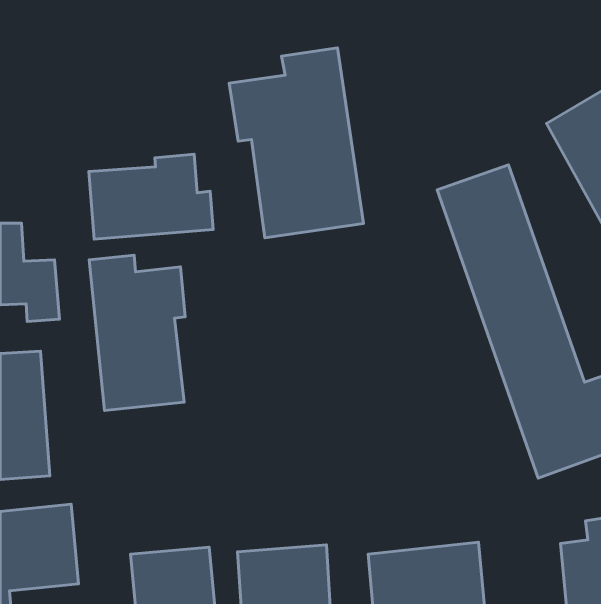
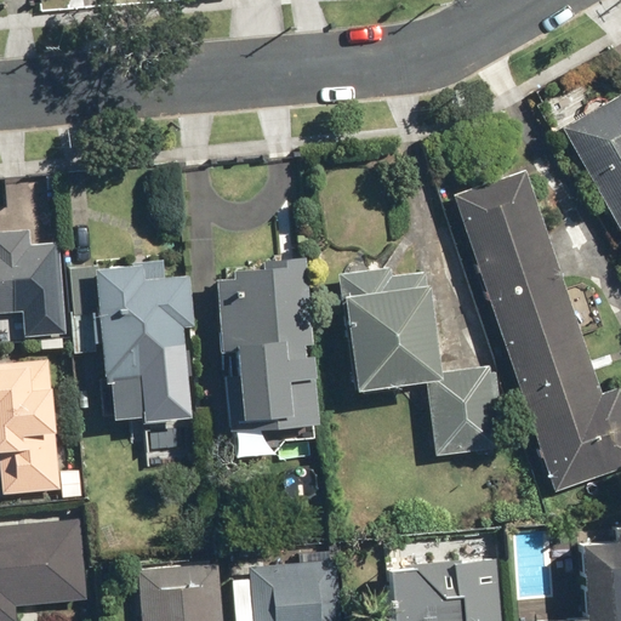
building: [229,48,363,238] -> none
building: [89,154,213,239] -> none
building: none -> [217,258,320,433]
building: none -> [330,267,491,457]

